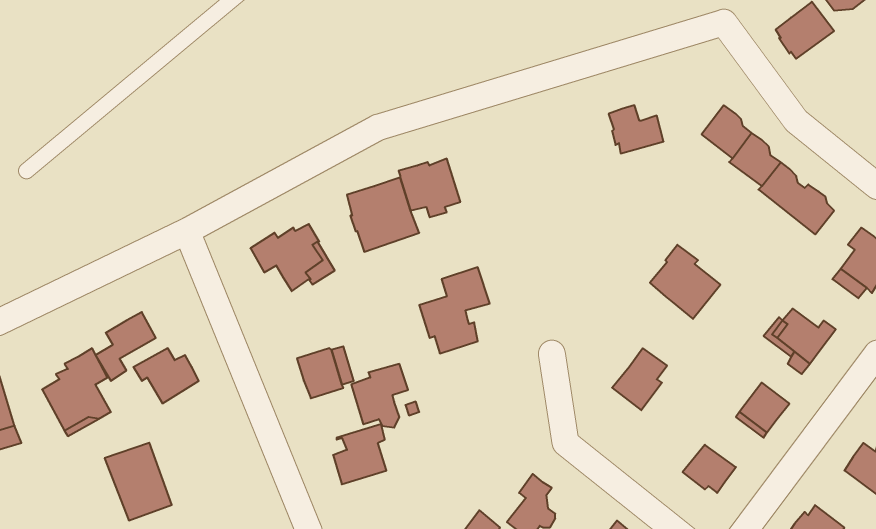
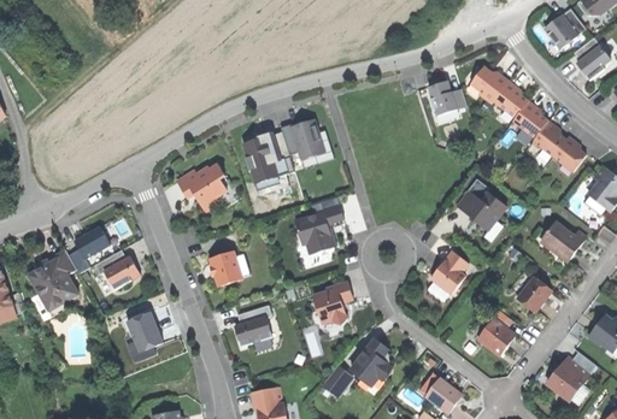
building: none -> [575,37,609,79]
building: none -> [469,66,507,102]
building: [351,364,408,428] -> [312,281,352,325]
building: [105,443,172,520] -> [119,308,166,362]

